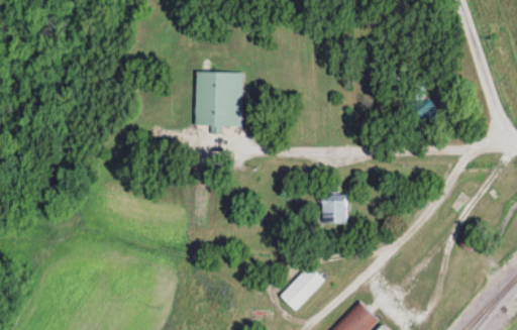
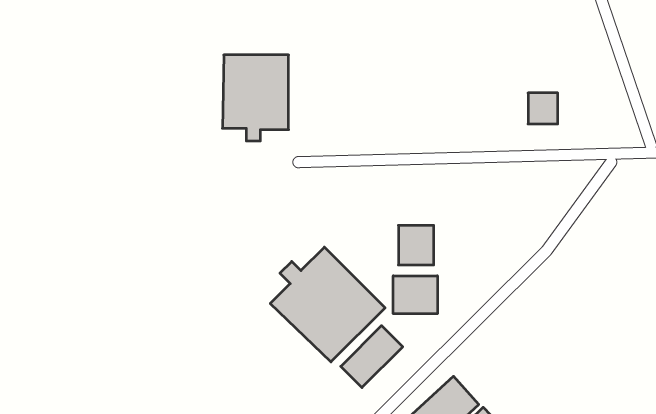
building: none -> [270,247,385,362]
building: none -> [393,276,437,314]

